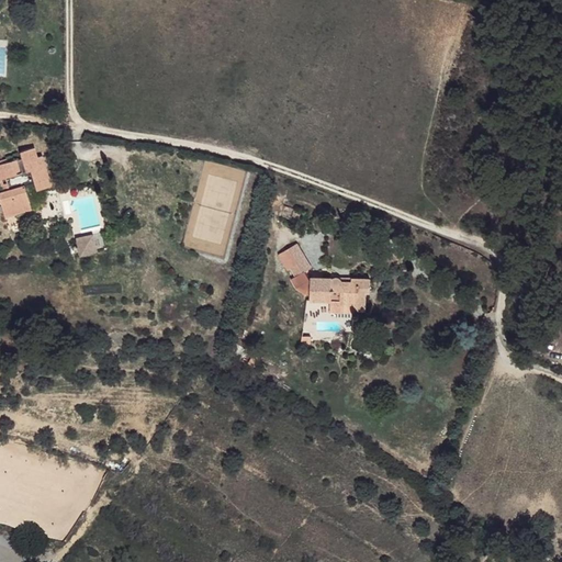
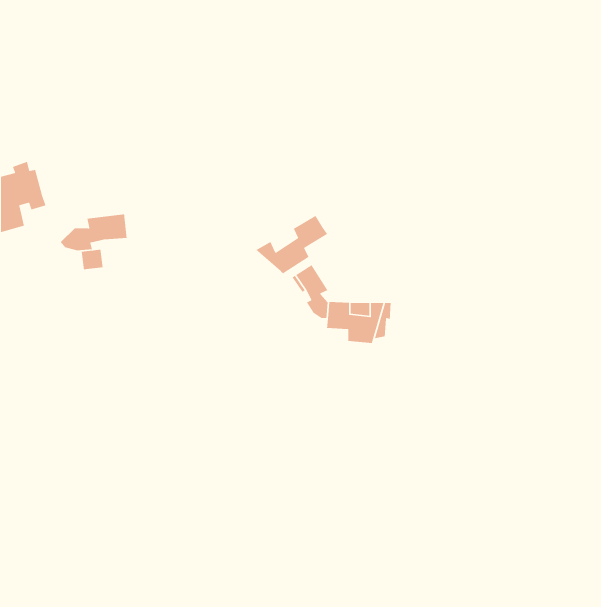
building: none -> [60,214,128,251]
building: none -> [255,215,328,274]

